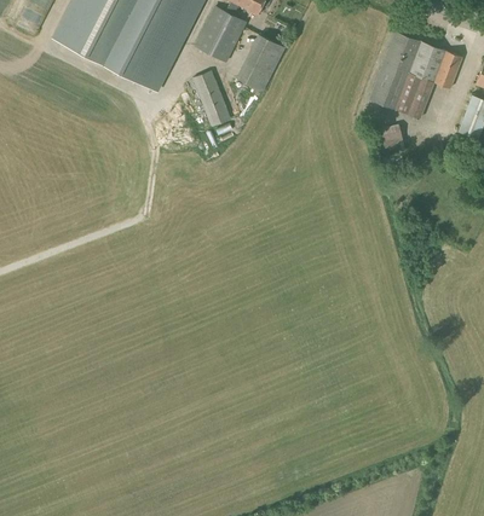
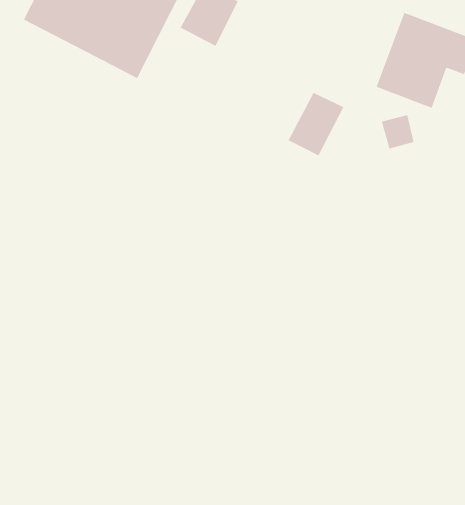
building: [235,34,286,92] -> [288,92,344,157]
building: [191,70,230,127] -> none

